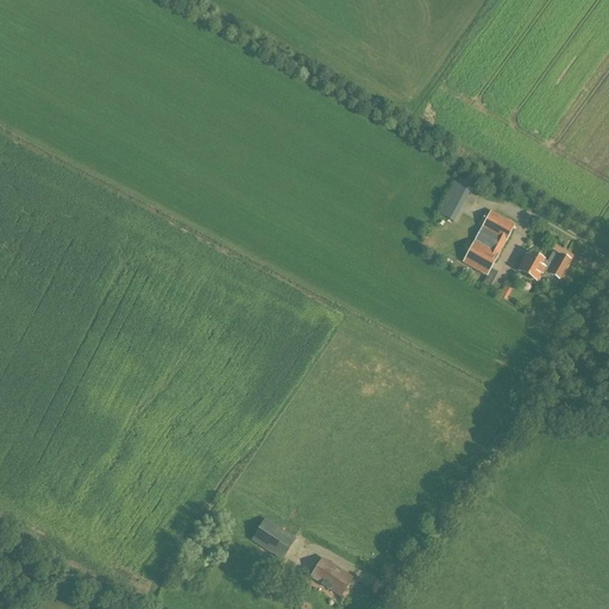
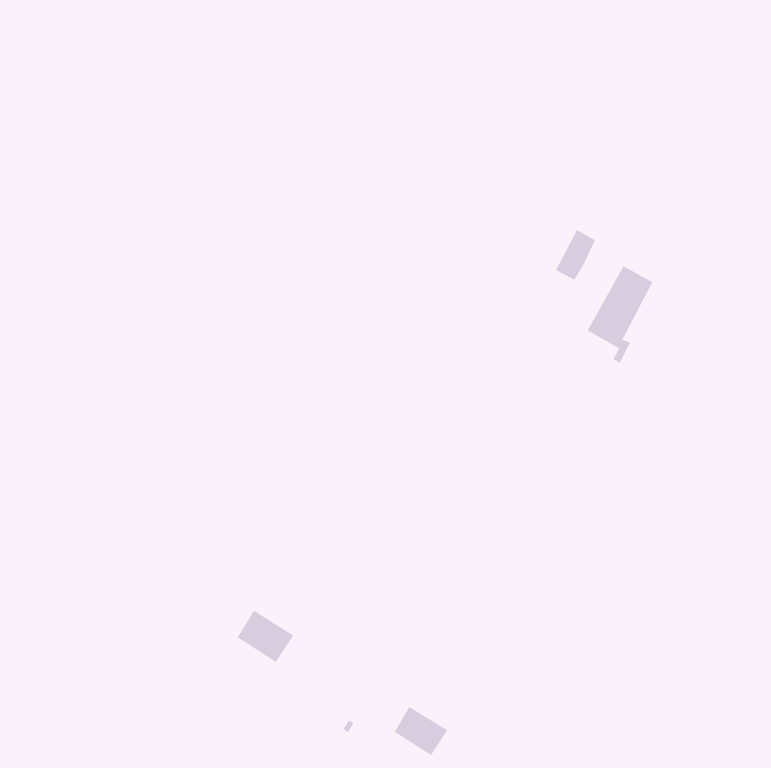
building: [519,252,570,278] -> none
building: [251,517,296,559] -> [237,610,294,663]

